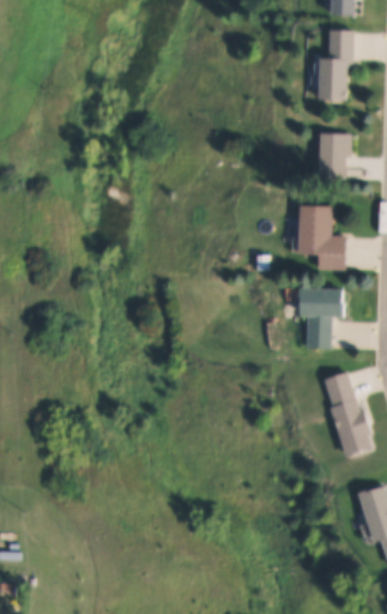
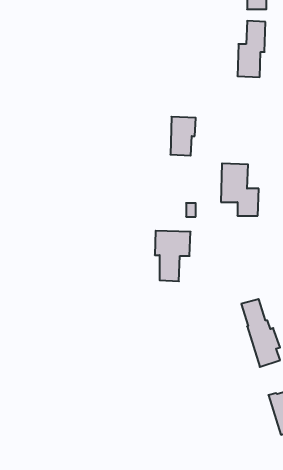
building: [318,132,349,180] -> [170,117,196,156]
building: [300,287,344,349] -> [155,231,191,281]

